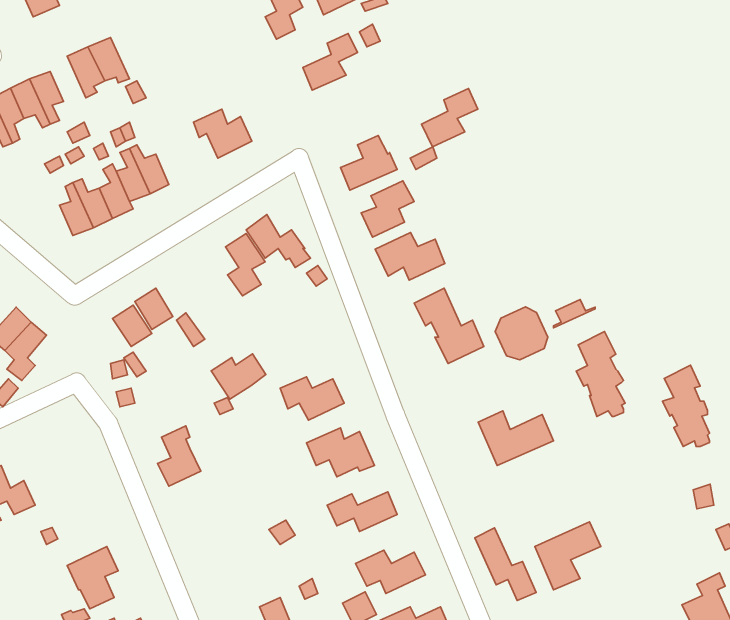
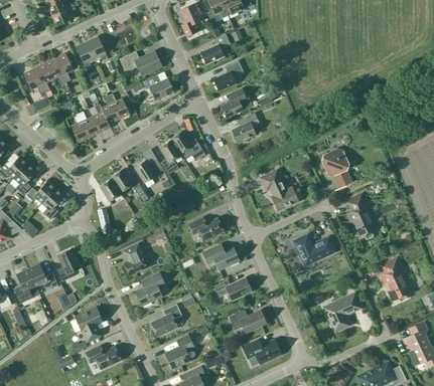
building: none -> [119,51,161,75]
building: [421,88,478,147] -> [212,60,243,91]
building: [375,232,445,280] -> none
building: [495,307,548,360] -> [320,148,348,176]
building: [211,354,266,399] -> [134,158,163,182]
building: [662,365,710,446] -> [381,257,406,301]
building: none -> [56,248,81,281]
building: none -> [136,272,164,308]
building: [475,528,536,601] -> none
building: none -> [151,304,179,336]

